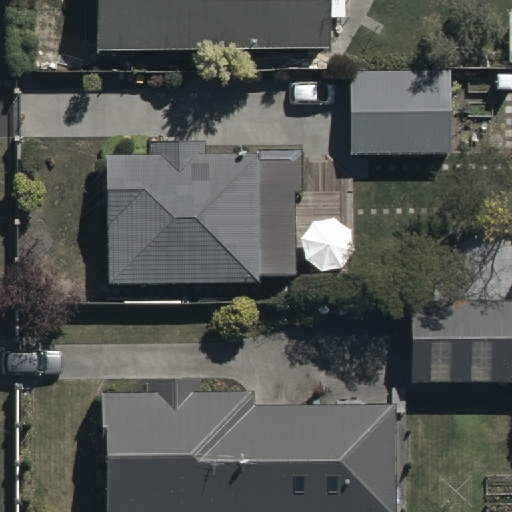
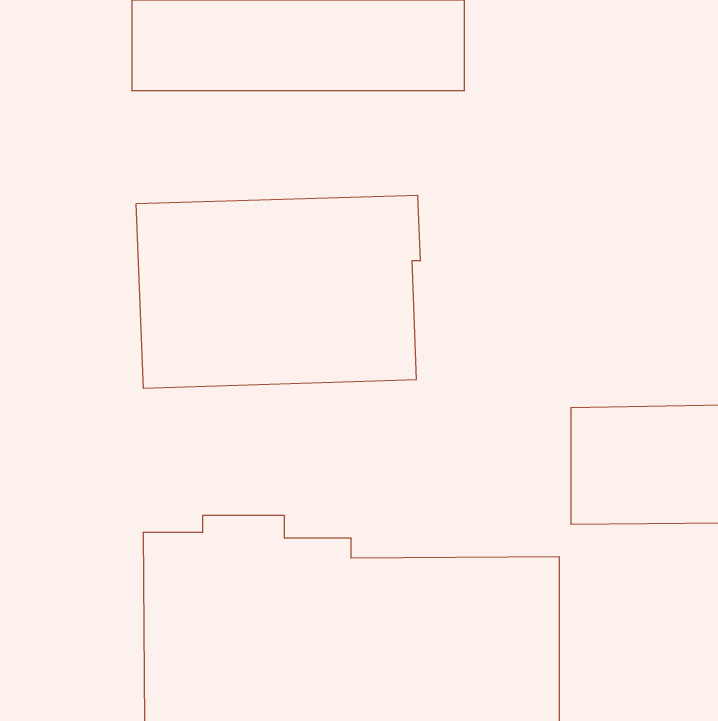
building: [351,90,452,170] -> none

